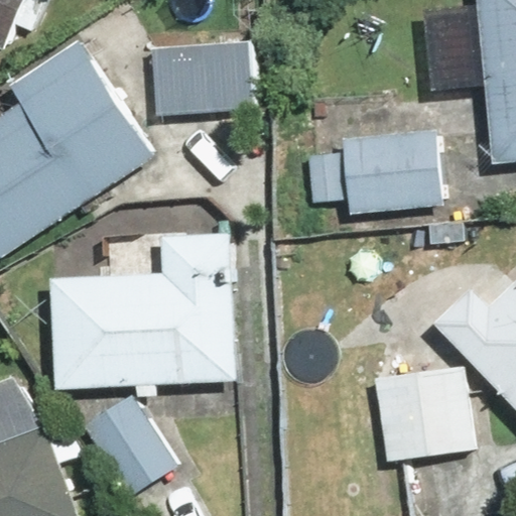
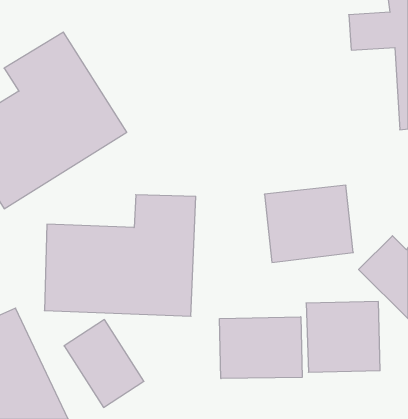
building: [147,39,252,113] -> none
building: [337,123,445,218] -> [264,185,353,262]
building: none -> [220,317,302,379]

